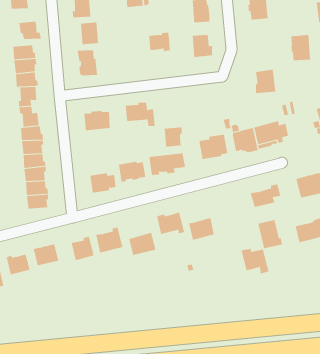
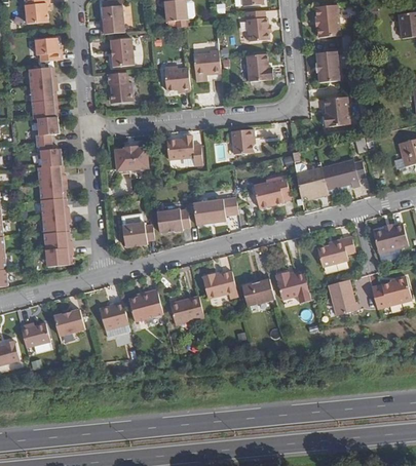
building: [290,35,311,61] -> [315,51,340,83]
building: none -> [163,67,190,92]
building: [164,127,182,147] -> [231,129,254,154]
building: [241,248,269,274] -> [274,268,309,300]

